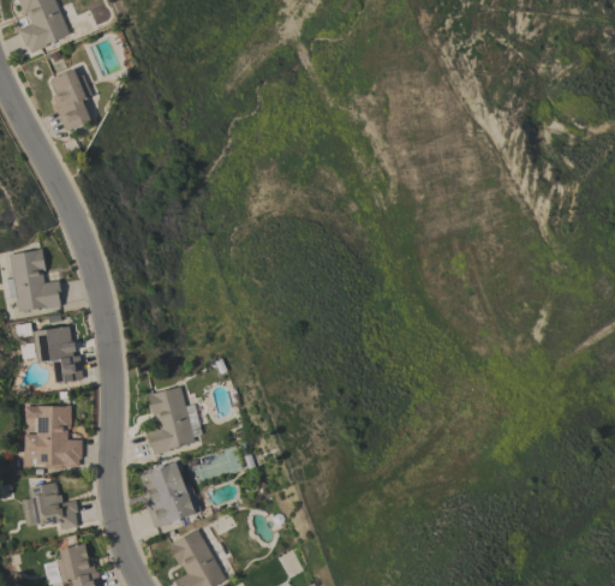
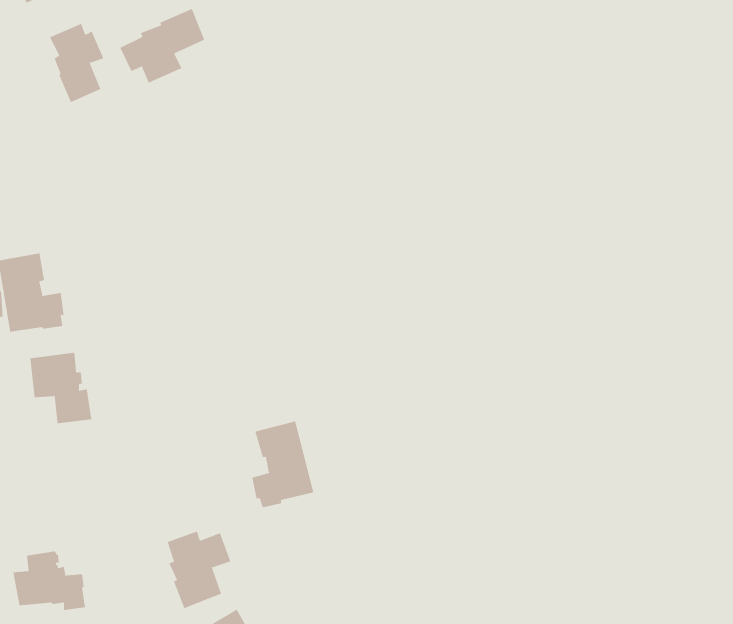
building: none -> [120,8,205,83]
building: [147,387,196,455] -> [251,421,314,508]
building: [24,406,83,467] -> none

